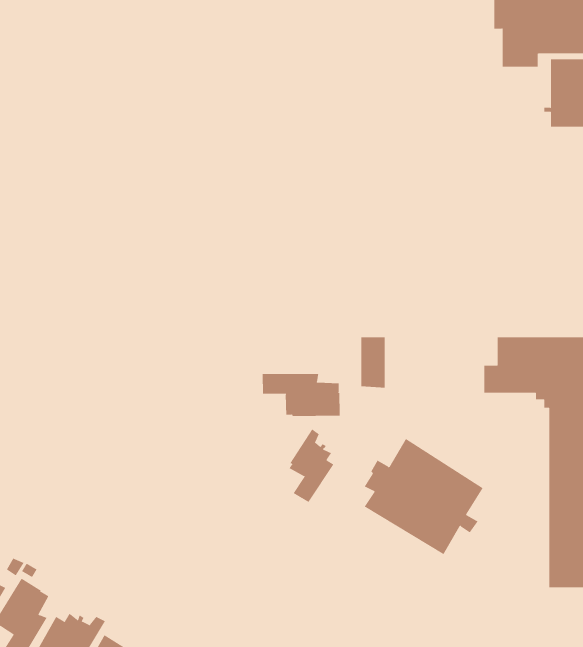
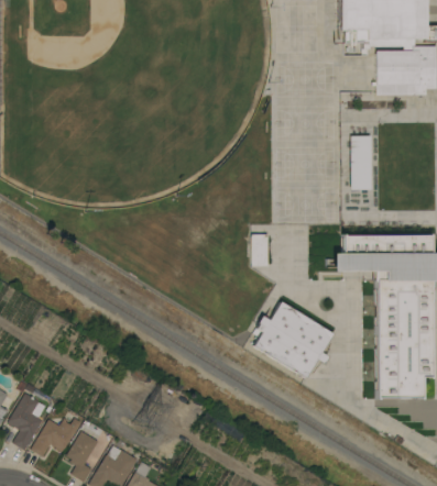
building: none -> [351,135,371,189]
building: [262,373,340,417] -> none
building: [289,428,334,503] -> none

